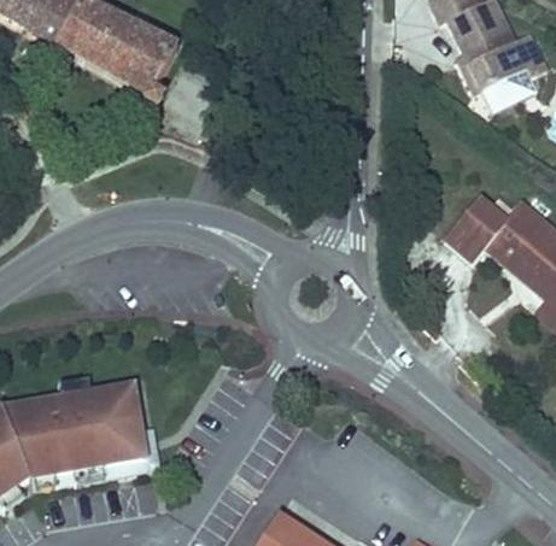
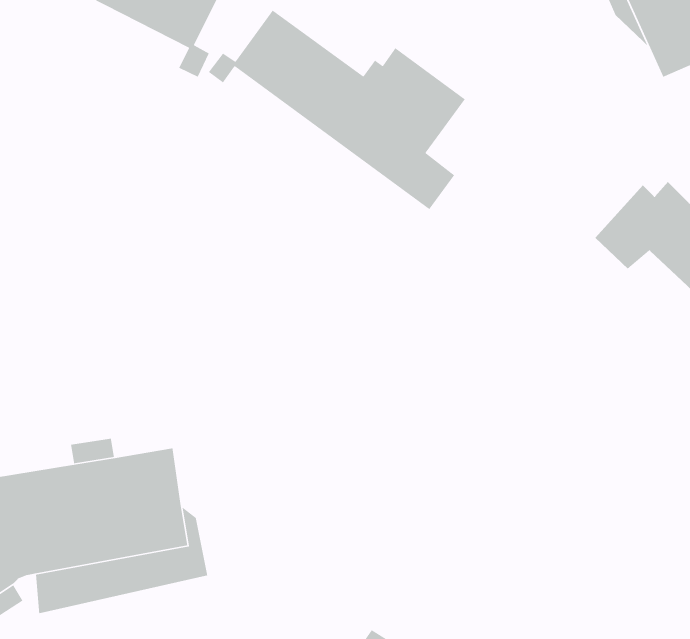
building: none -> [208,10,466,210]

